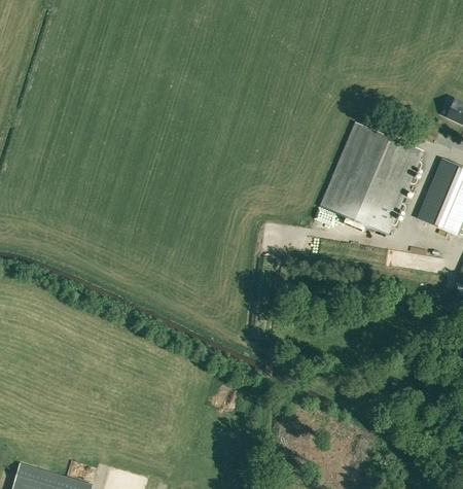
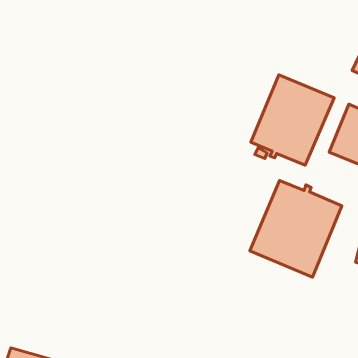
building: none -> [250,180,342,277]

